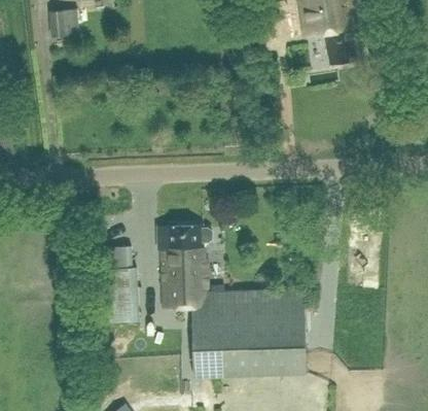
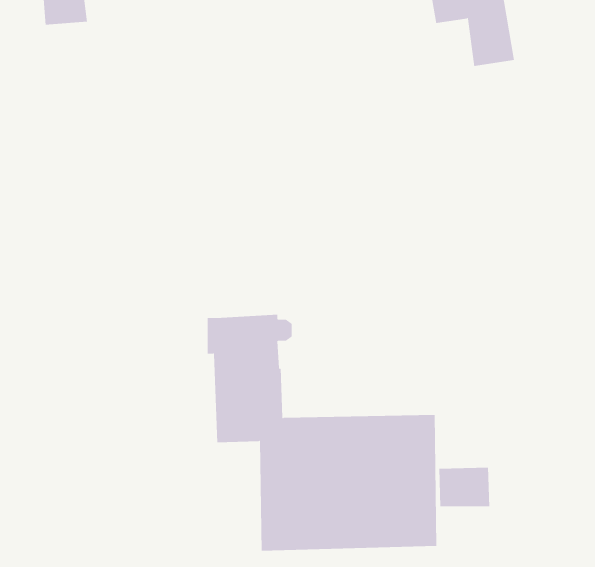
building: [104,247,137,323] -> none
building: none -> [439,467,490,507]

